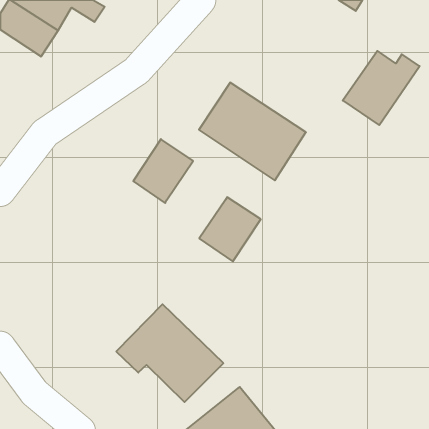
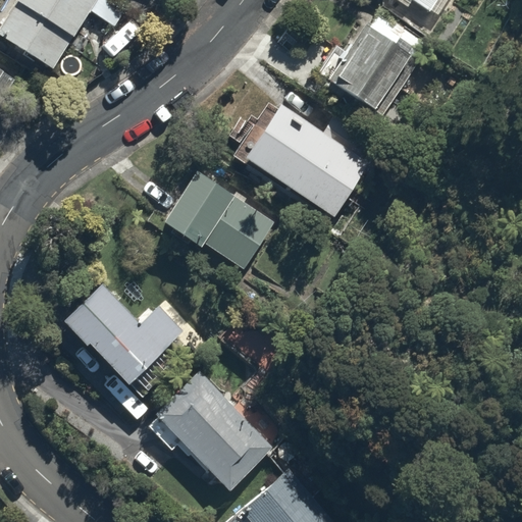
building: [343,51,420,125] -> [331,20,424,110]
building: [199,197,261,261] -> [204,194,278,271]
building: none -> [62,285,187,385]

